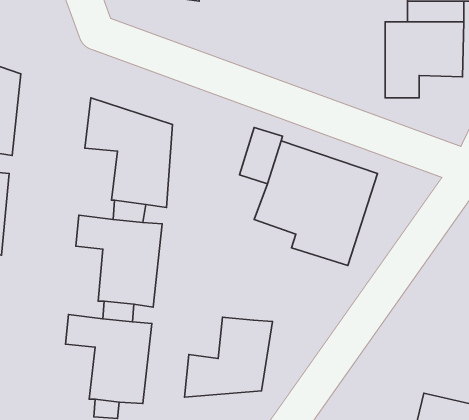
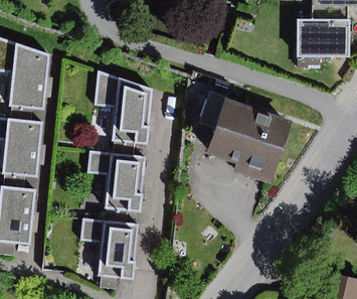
building: [184,317,272,397] -> none

